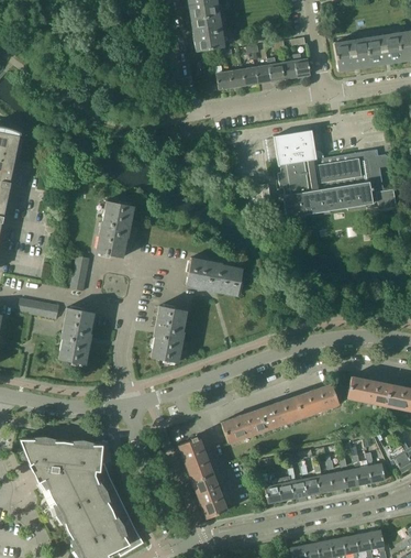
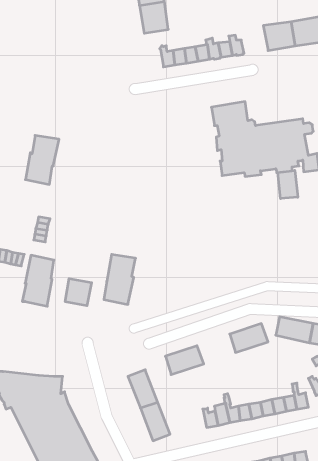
building: [96,201,134,258] -> [25,135,59,184]
building: none -> [278,170,298,199]
building: [187,258,243,296] -> none
building: none -> [65,279,92,306]
building: [257,396,301,430] -> none

